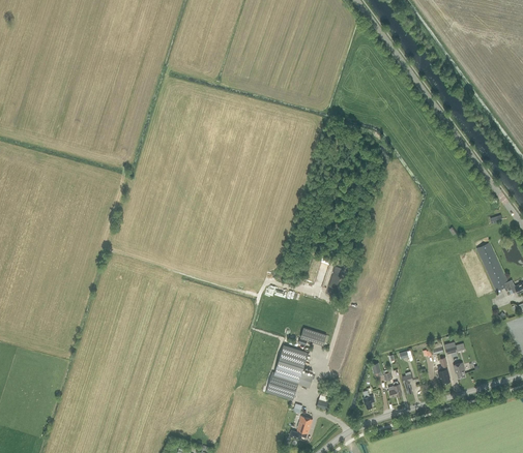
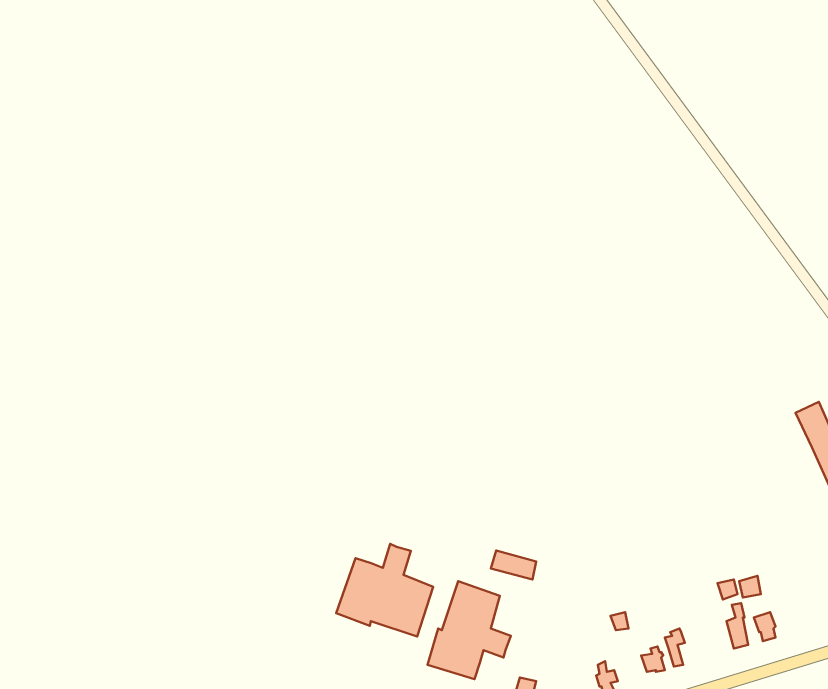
building: none -> [336,544,433,637]

